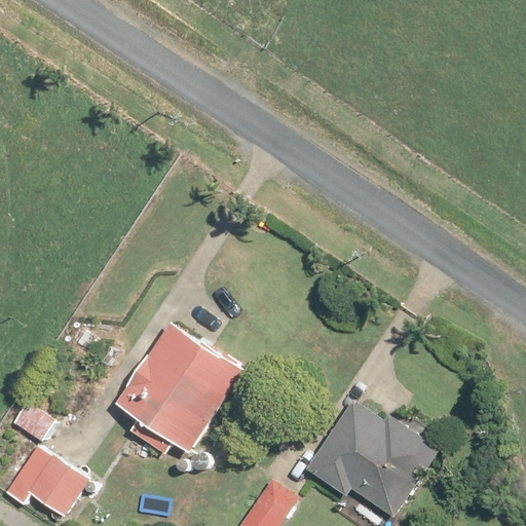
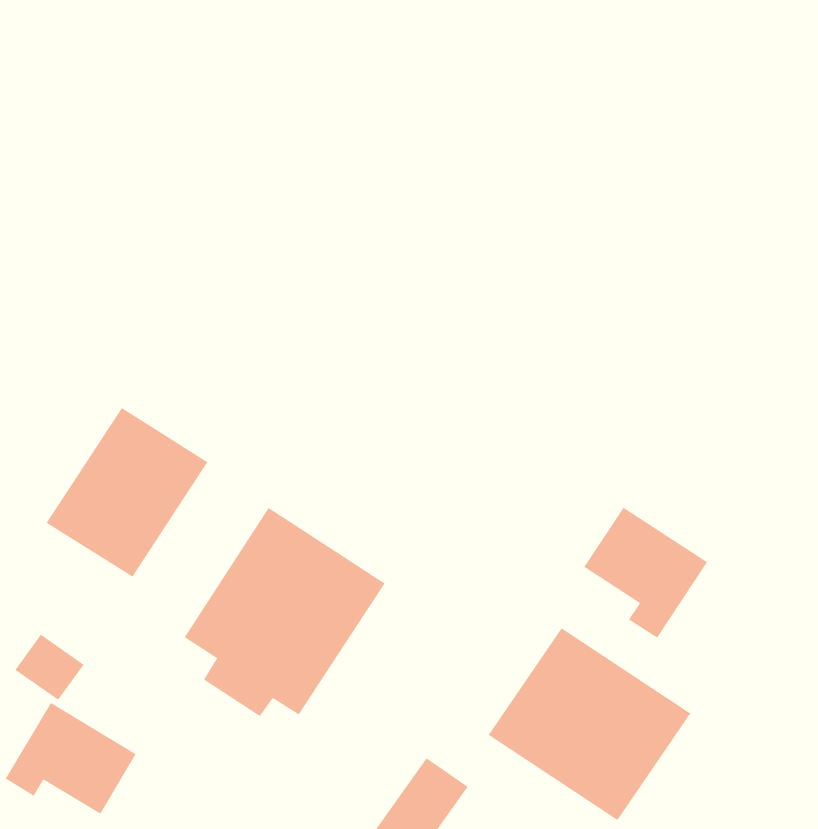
building: none -> [46,407,208,578]
building: none -> [584,507,708,638]

